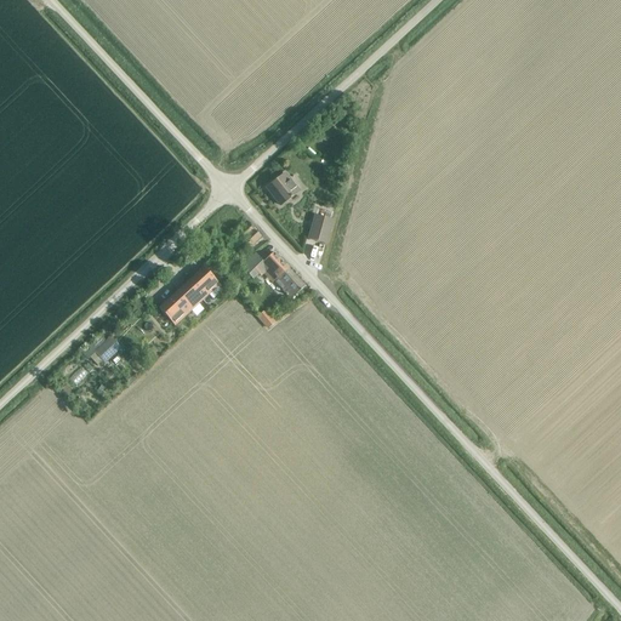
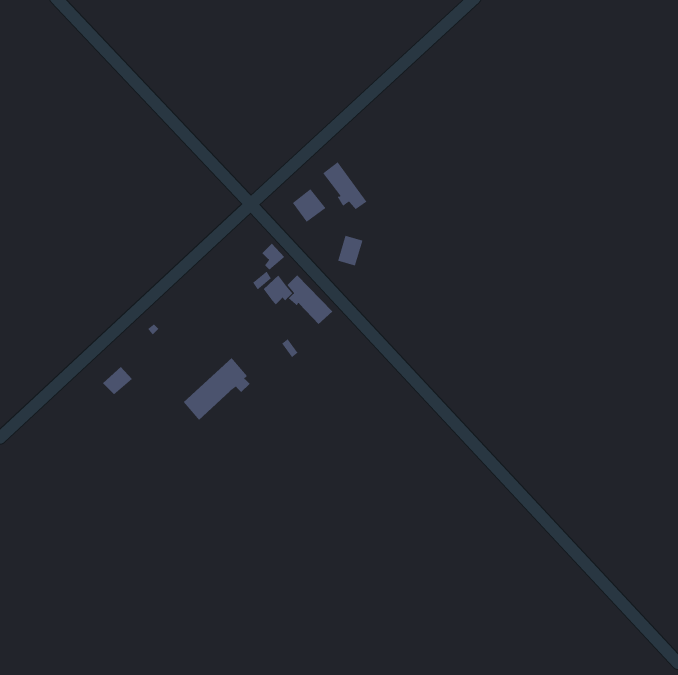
building: none -> [322,161,368,210]
building: [159,266,221,324] -> [183,357,250,421]

